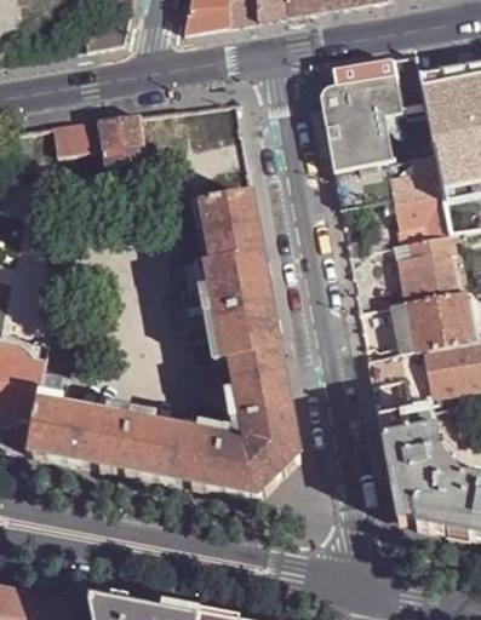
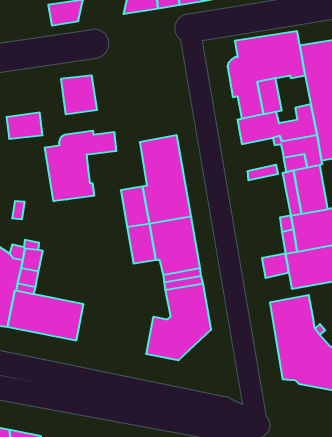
building: [56,119,104,154] -> [6,113,43,139]
building: none -> [45,131,116,201]
building: [121,420,224,487] -> none

